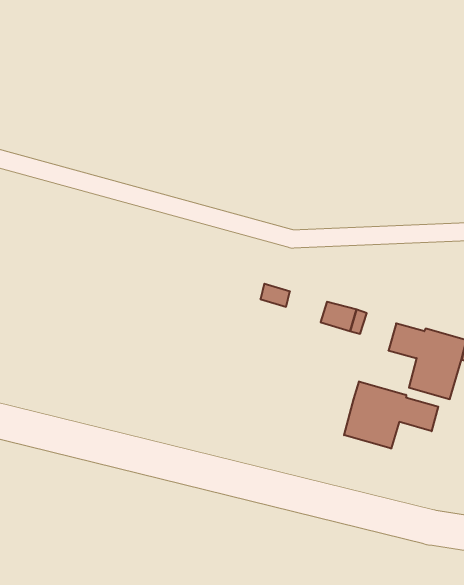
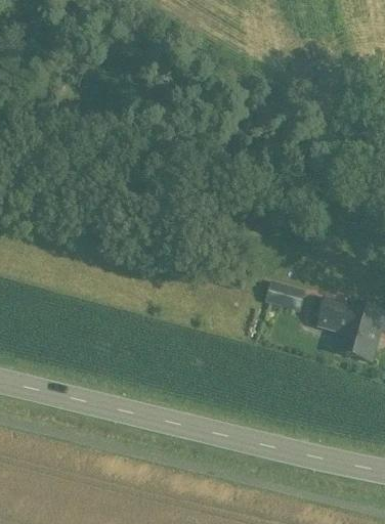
building: [344,381,438,449] -> none

